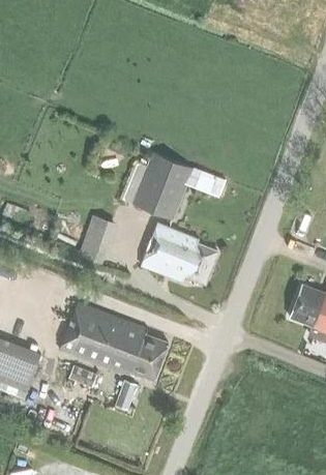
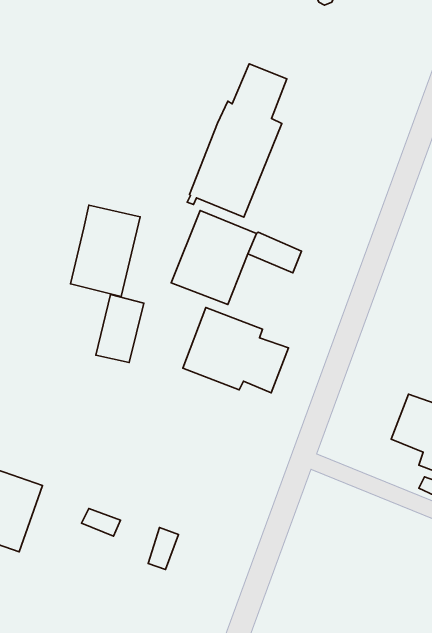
building: none -> [187,64,287,217]
building: none -> [71,205,140,297]
building: [59,302,168,381] -> none

